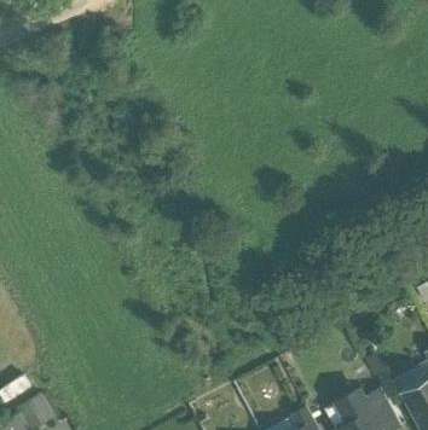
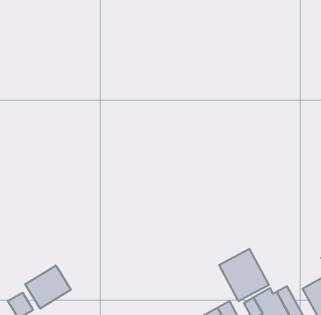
building: none -> [219,249,269,301]
building: none -> [25,265,71,309]

